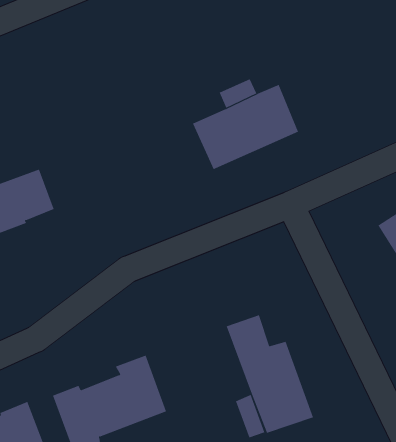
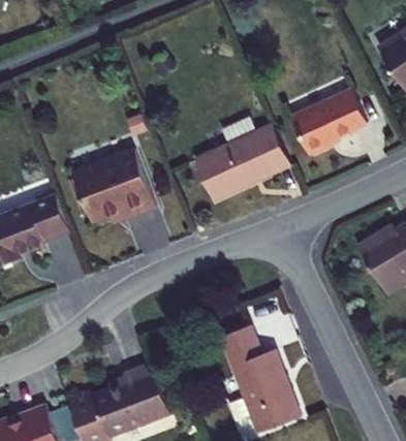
building: none -> [292,92,367,157]
building: none -> [73,151,156,224]

